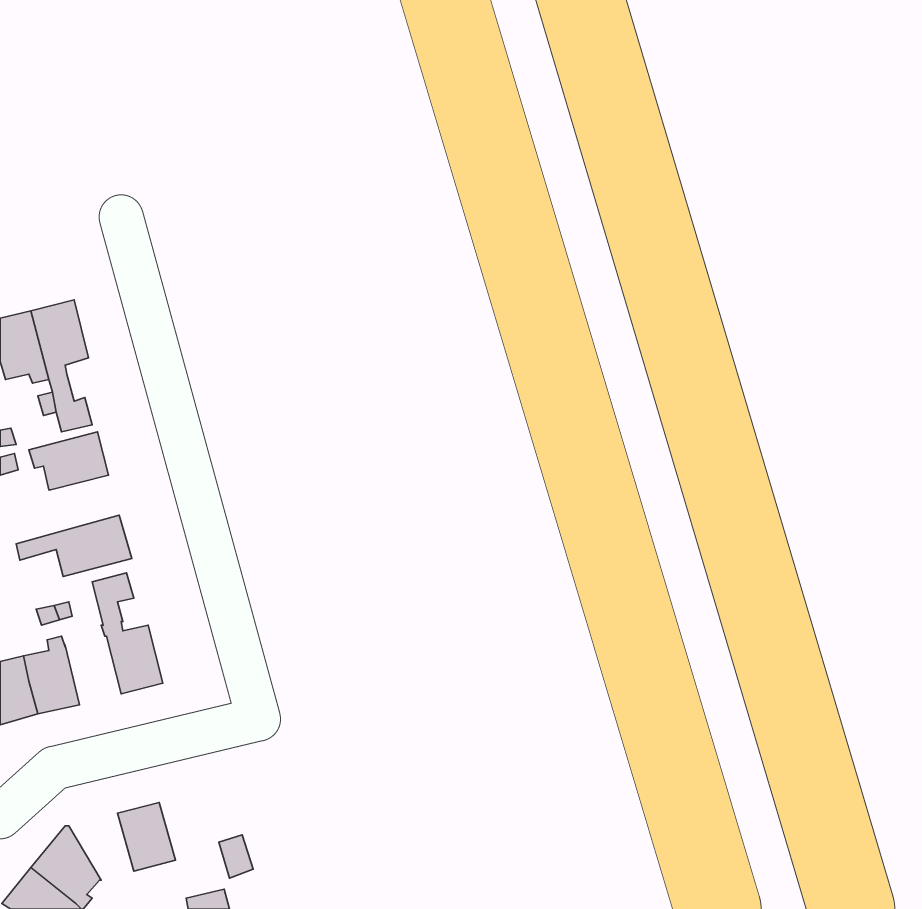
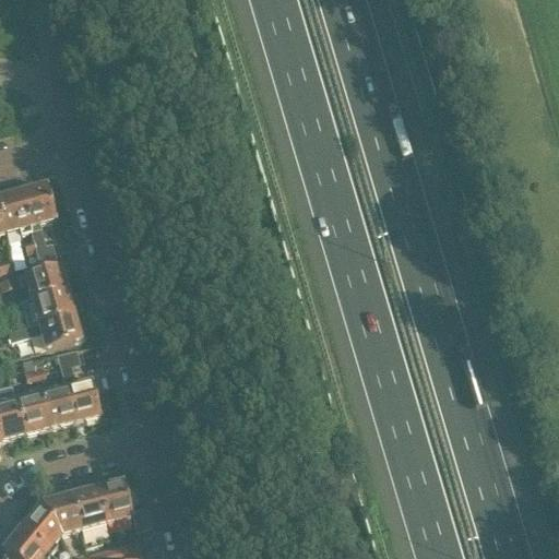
building: none -> [25,287,73,321]
building: none -> [38,382,74,426]
building: none -> [97,478,131,520]
building: none -> [43,491,82,532]

